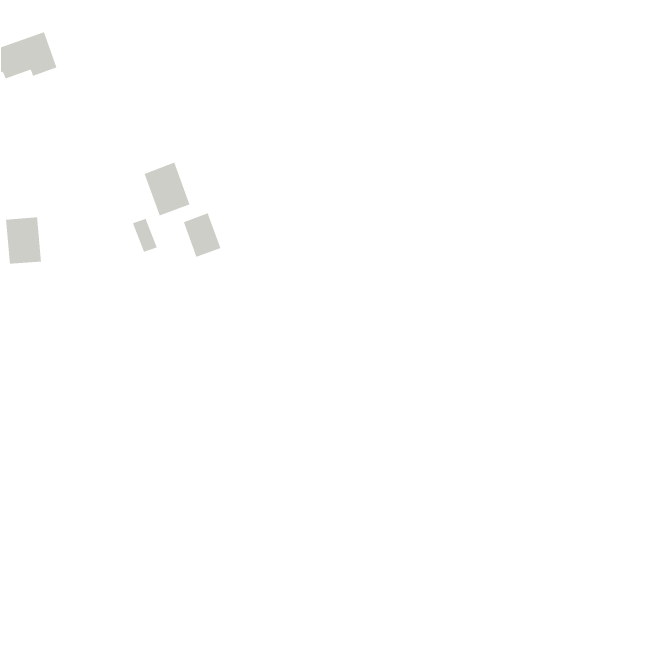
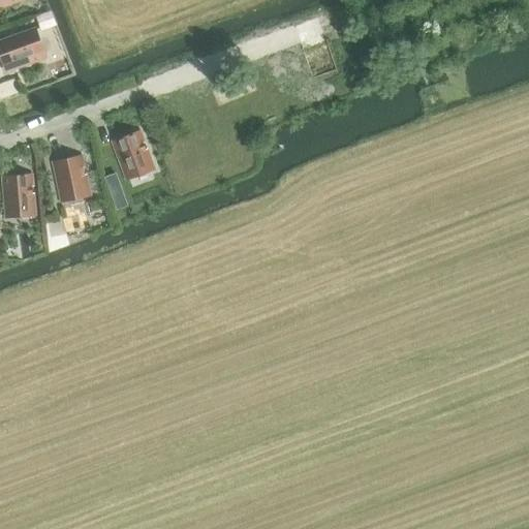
building: none -> [55,157,88,197]
building: [183,212,221,258] -> none

